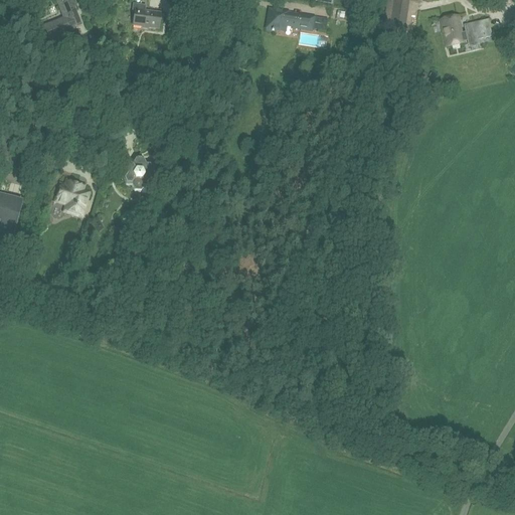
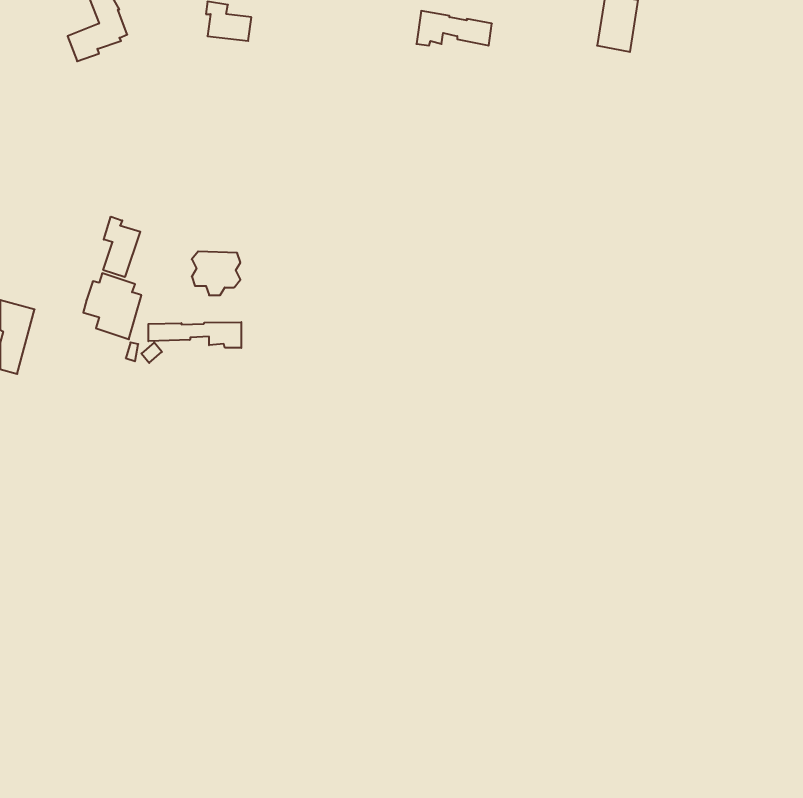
building: [442,14,491,44] -> none
building: none -> [103,217,140,277]
building: none -> [148,322,241,348]

